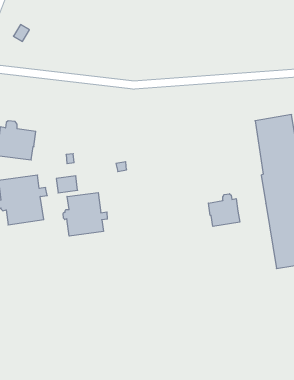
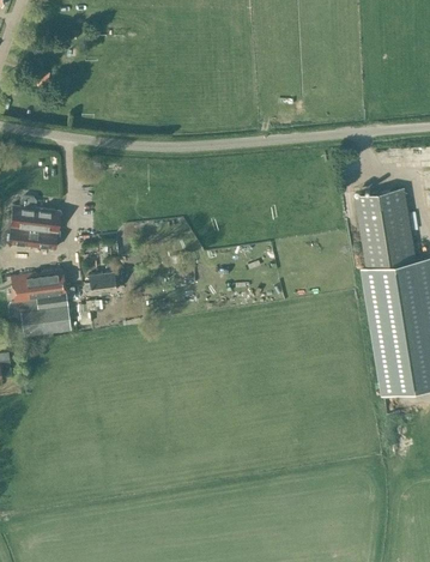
building: [63,193,107,236] -> none
building: [208,194,240,226] -> none

